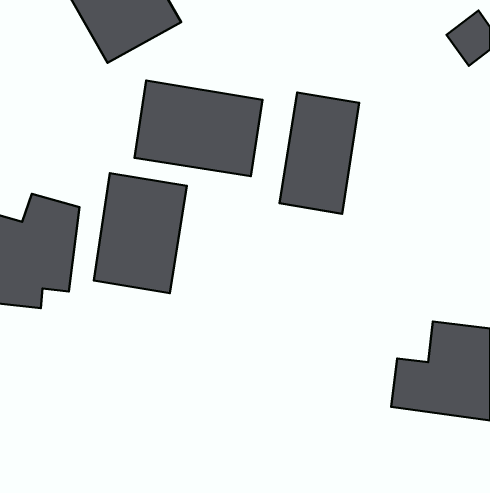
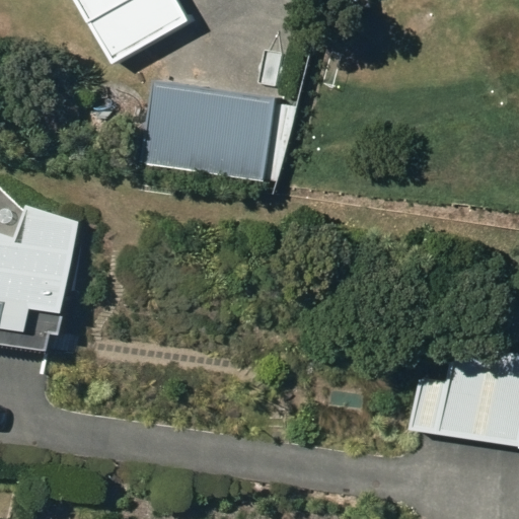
building: [279,93,359,214] -> none
building: [94,173,187,293] -> none

